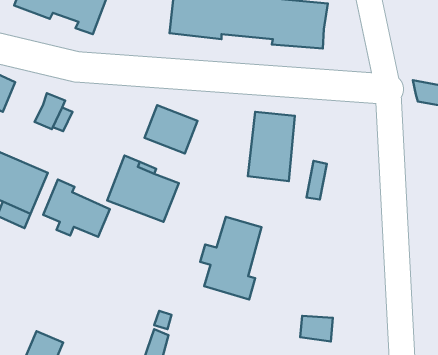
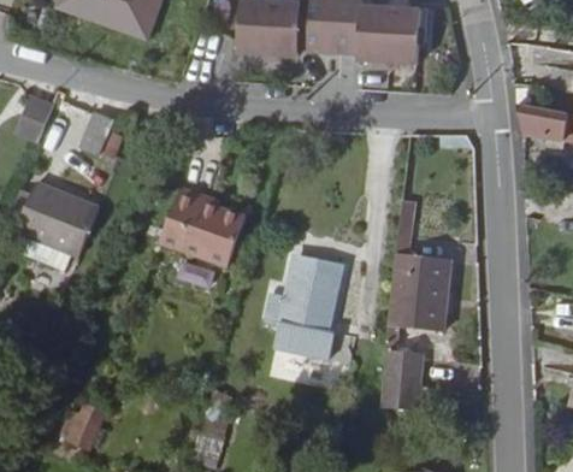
building: [145,105,198,153] -> none
building: [248,112,295,181] -> [395,250,450,332]
building: [43,180,110,237] -> none
building: none -> [389,348,429,383]

